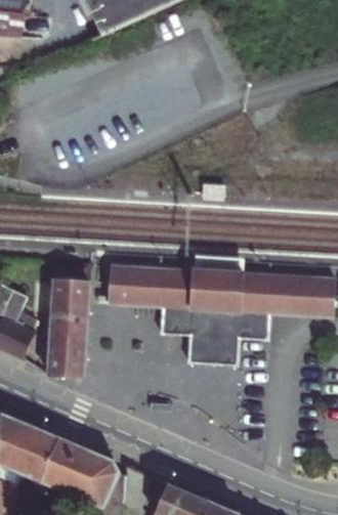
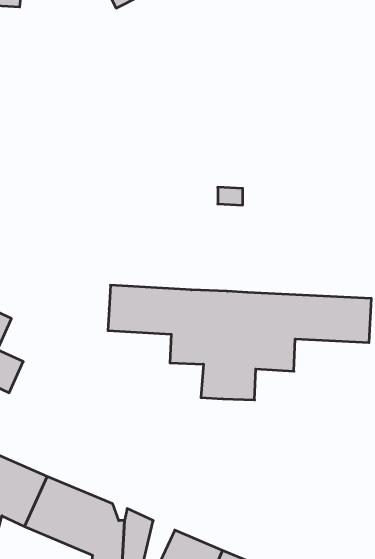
building: [44,281,86,378] -> none

